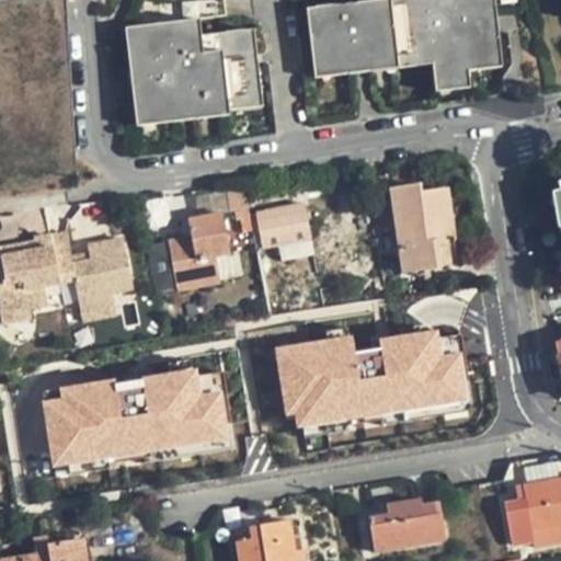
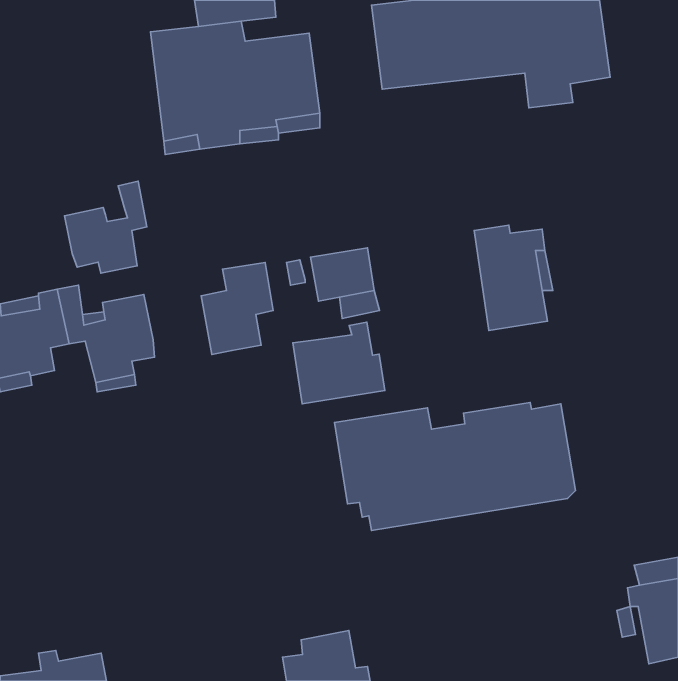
building: none -> [64,181,147,273]
building: none -> [293,322,385,404]
building: [42,369,236,471] -> none
building: [367,499,444,550] -> none

